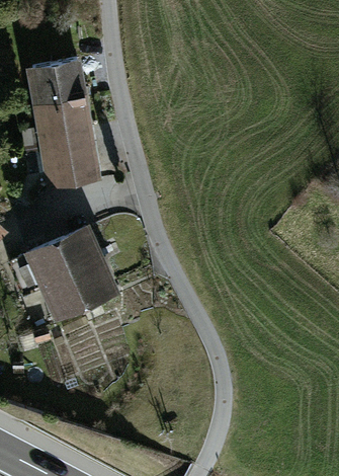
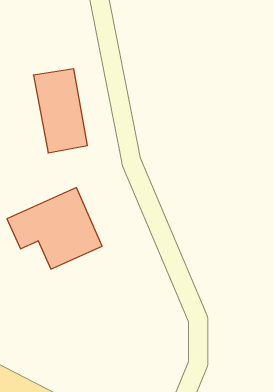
building: [32,60,83,102] -> none

